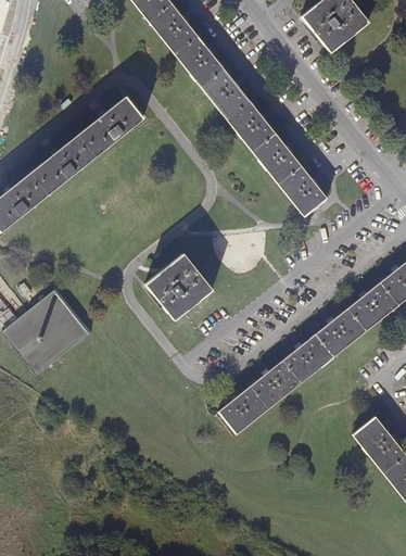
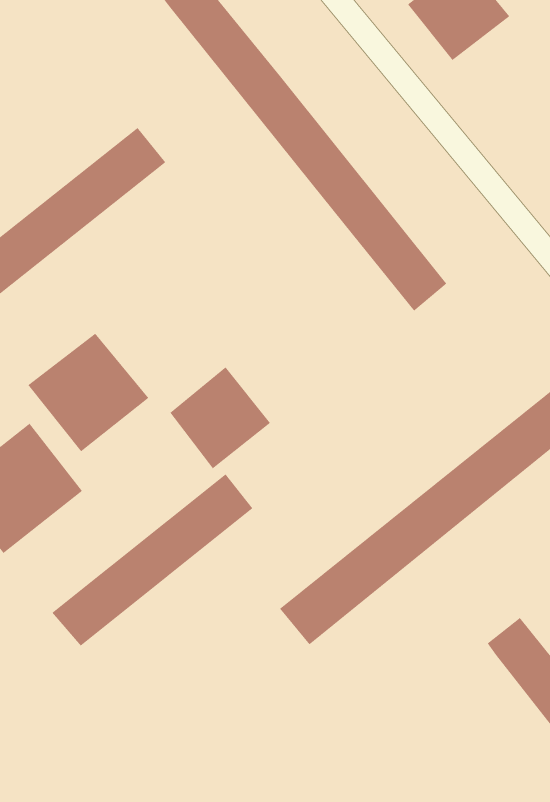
building: none -> [27,333,149,452]
building: none -> [52,473,253,646]

